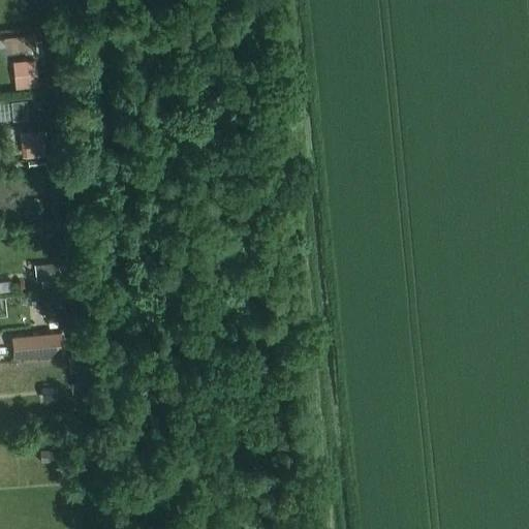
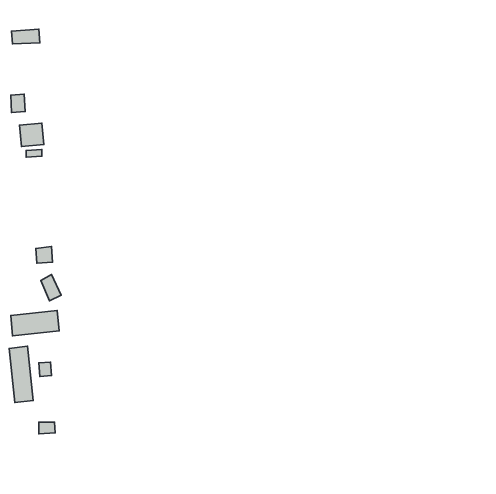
building: [11,62,37,91] -> none
building: none -> [9,346,33,403]

